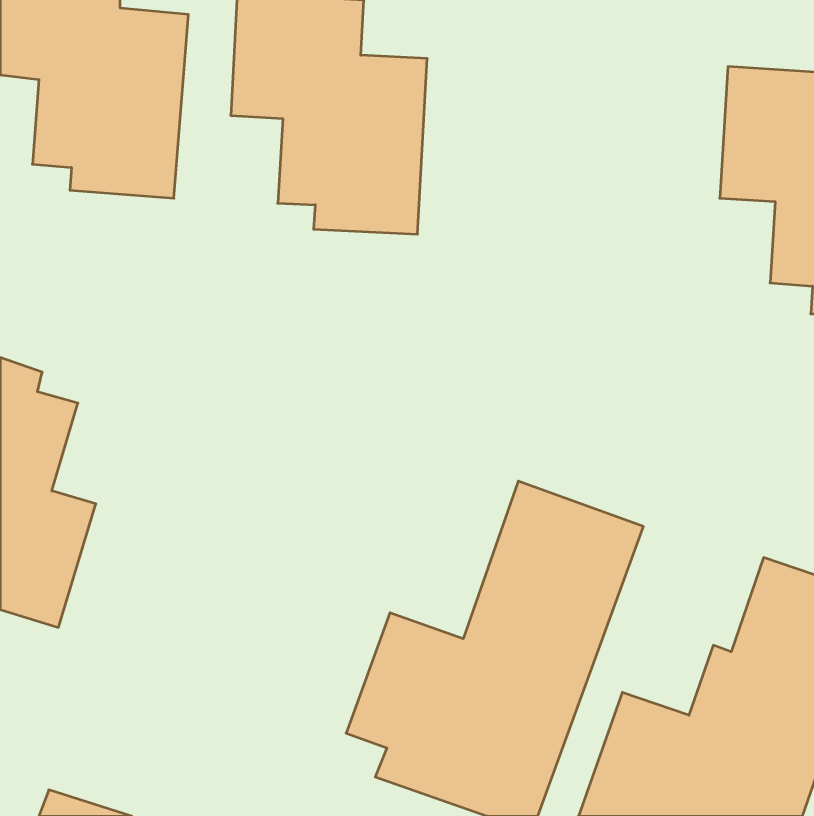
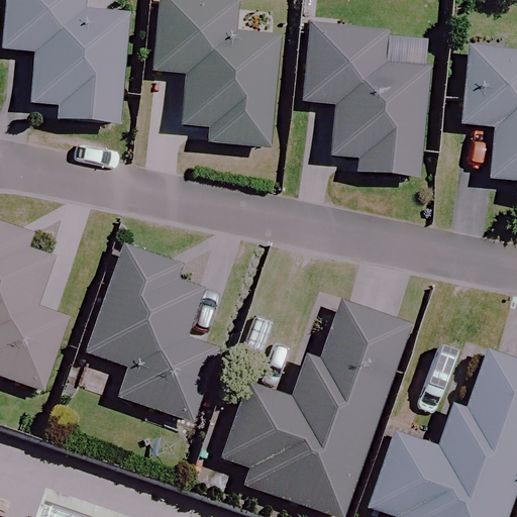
building: none -> [302,24,426,177]
building: none -> [88,245,217,422]

